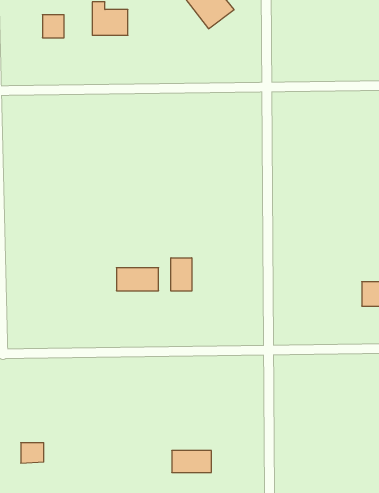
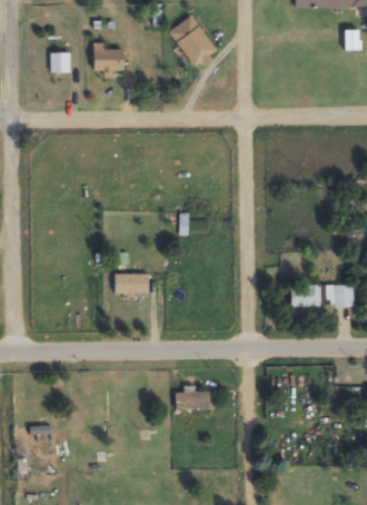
building: [171,258,192,291] -> none
building: none -> [292,285,323,306]
building: [172,451,211,472] -> [176,390,210,409]

